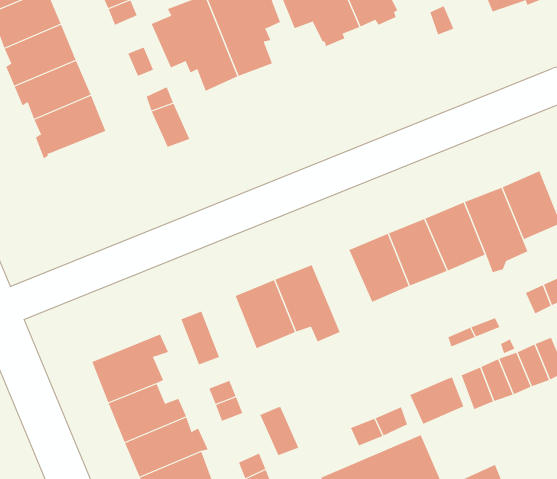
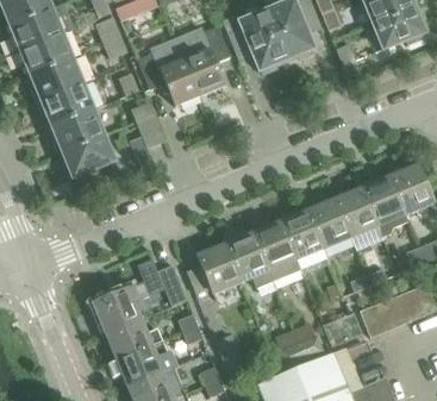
building: none -> [62,134,114,181]
building: none -> [252,220,299,280]

